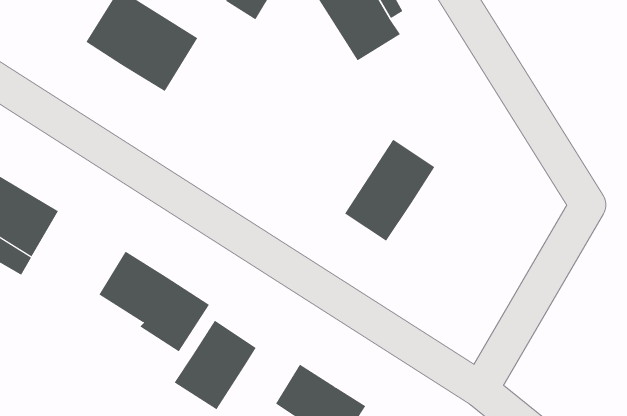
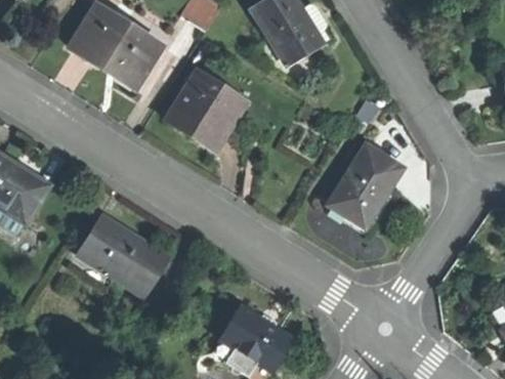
building: none -> [167,70,245,150]
building: [344,139,435,242] -> [329,143,402,225]
building: [174,320,256,410] -> none

